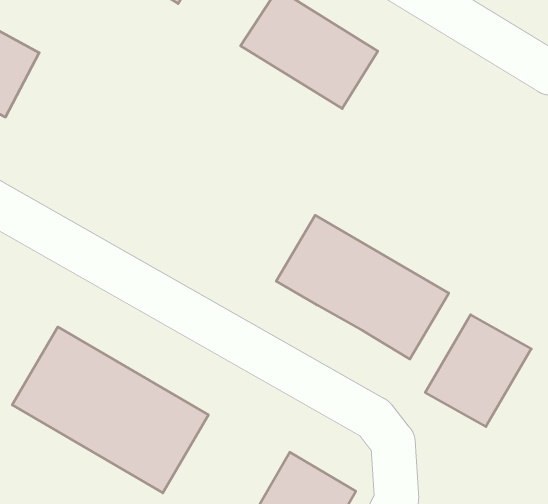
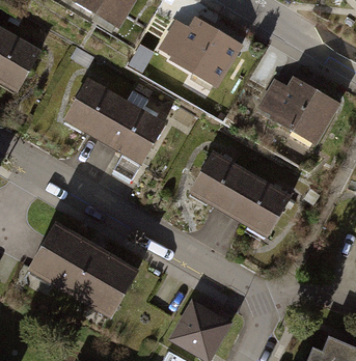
building: none -> [266,76,344,143]
building: none -> [61,80,166,165]
building: [425,315,531,427] -> none

